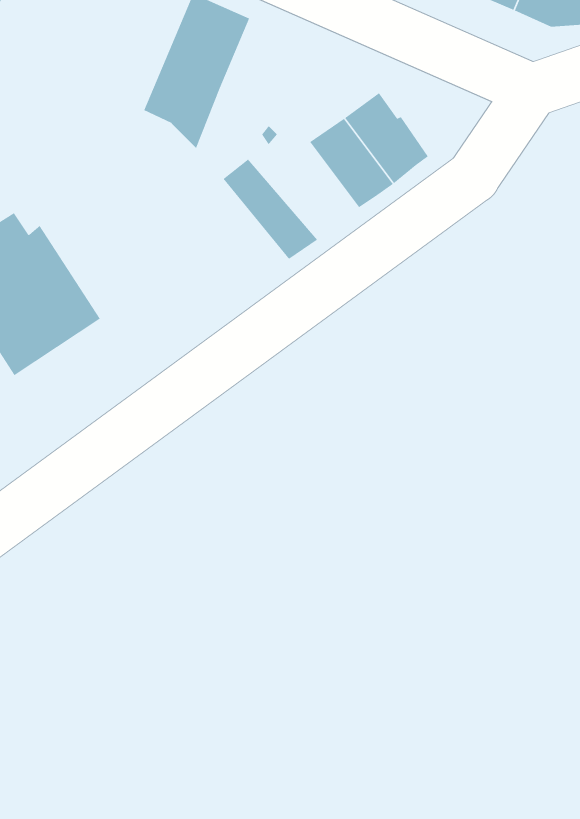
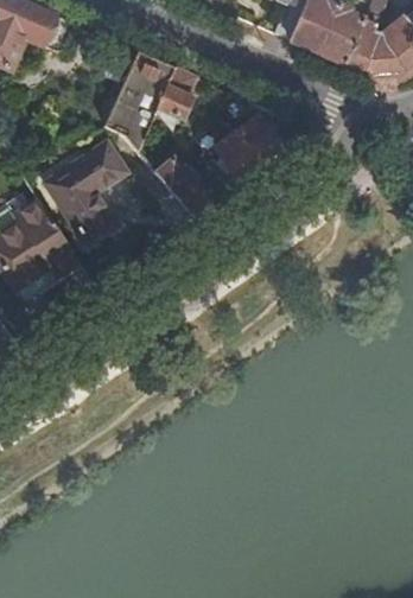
building: none -> [154,65,195,128]
building: none -> [43,140,125,242]

